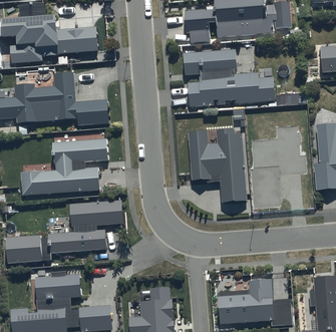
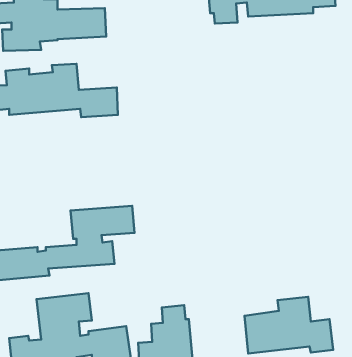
building: [185,52,276,108] -> none
building: [189,129,246,202] -> none
building: [20,137,107,194] -> none

